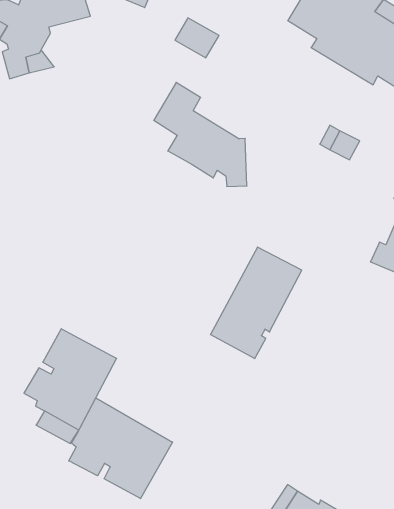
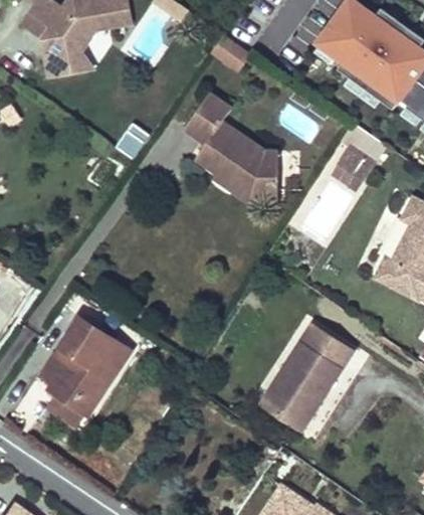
building: none -> [211,151,276,201]
building: [210,247,302,358] -> [260,326,352,432]
building: [69,398,173,499] -> none

